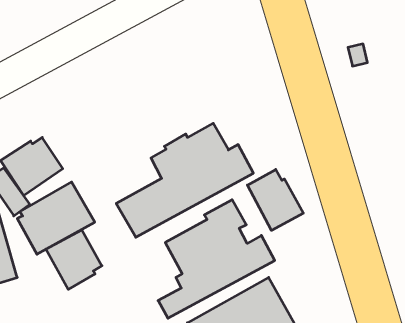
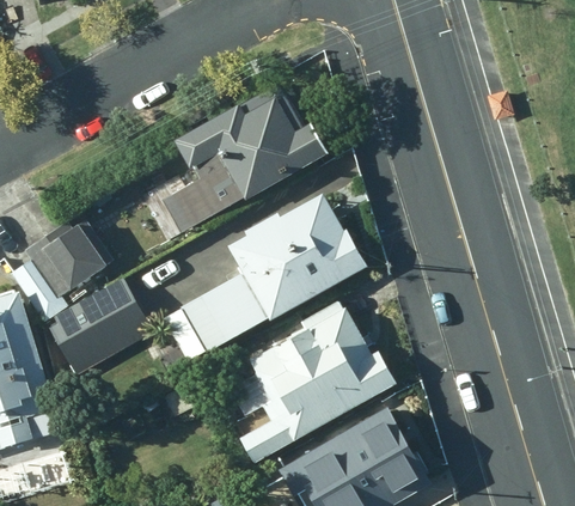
building: none -> [165,86,325,230]
building: [247,169,303,230] -> none
building: [46,230,102,289] -> none

